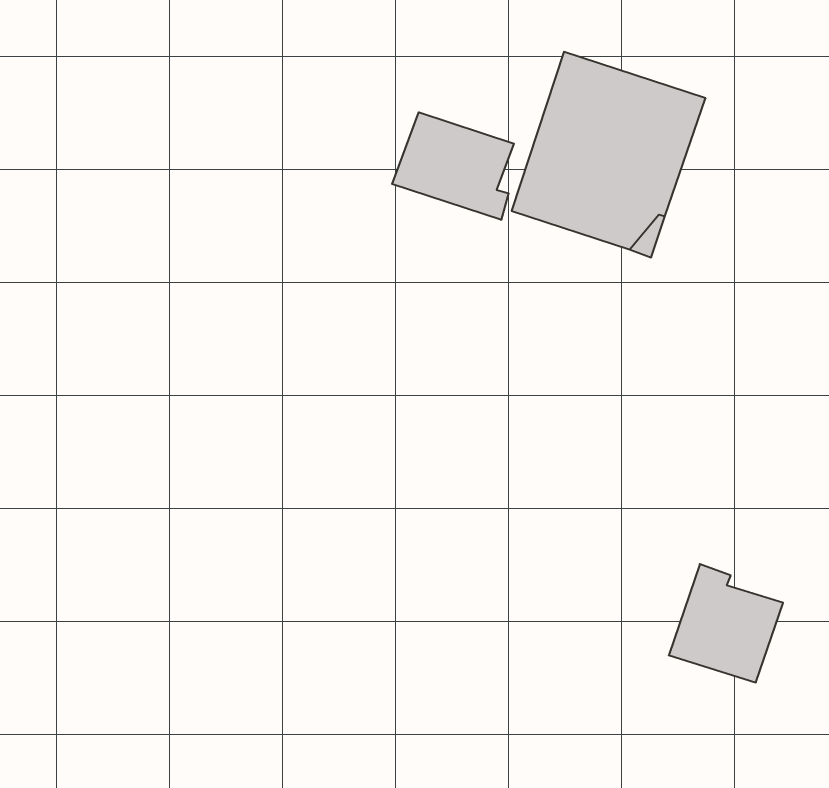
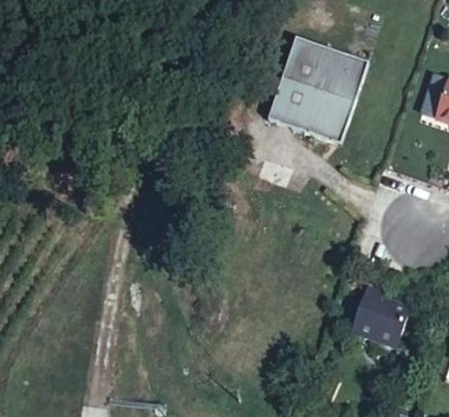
building: [392,112,514,220] -> none

